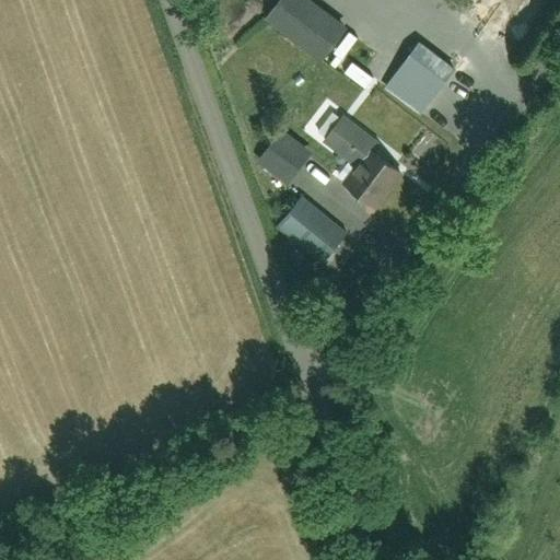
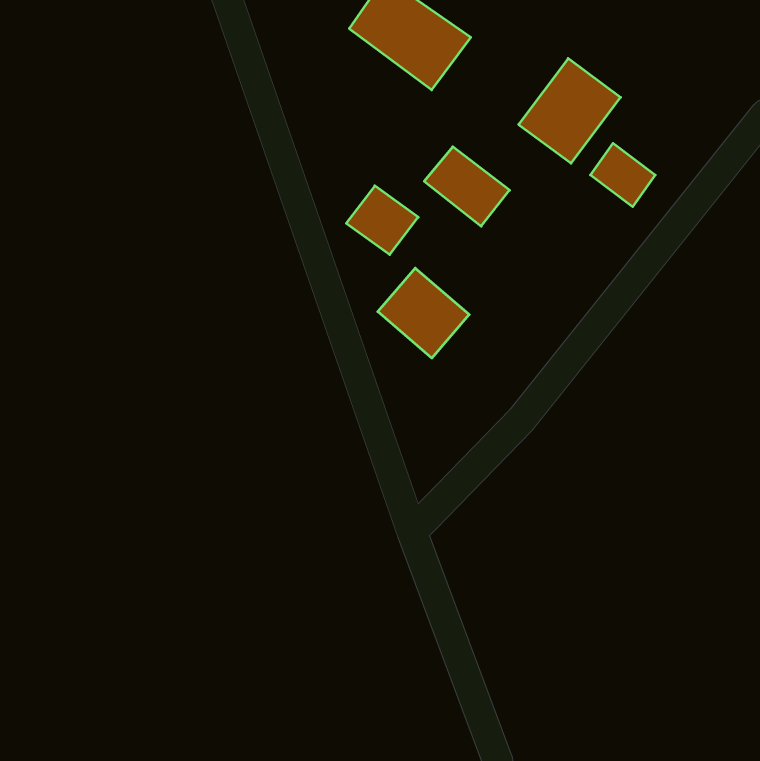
building: none -> [590,143,655,207]
building: [347,151,400,208] -> none

